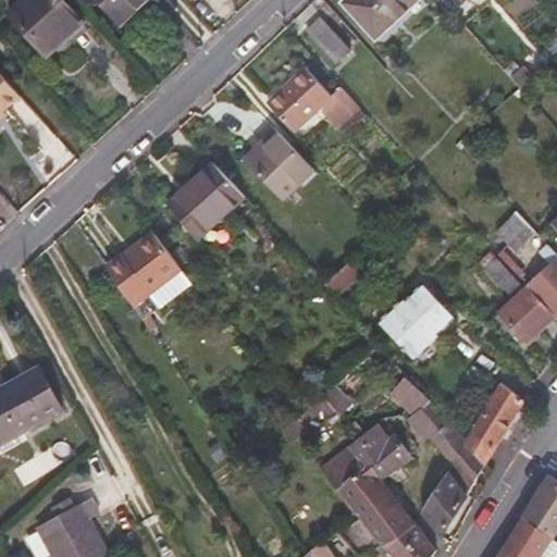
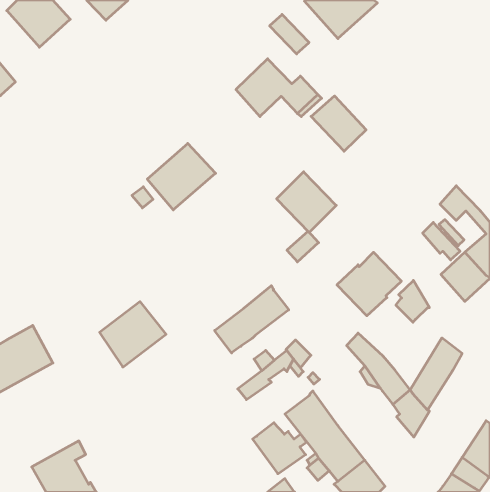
building: none -> [311,96,366,151]
building: [243,128,310,197] -> [277,172,336,232]
building: [104,230,180,304] -> [100,302,166,367]
building: none -> [396,280,429,322]
building: none -> [215,286,289,353]
building: [354,423,414,481] -> [253,423,307,474]
building: [421,471,468,537] -> none

